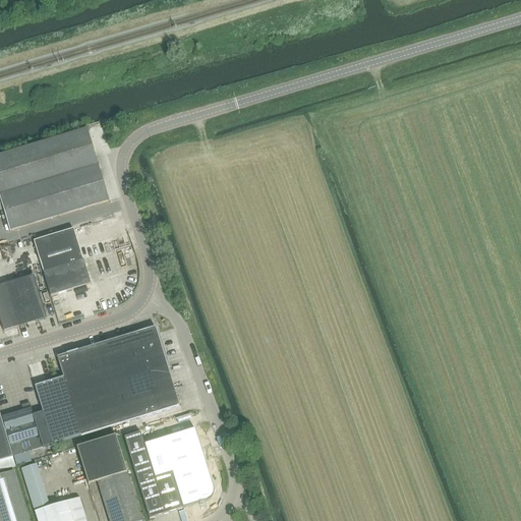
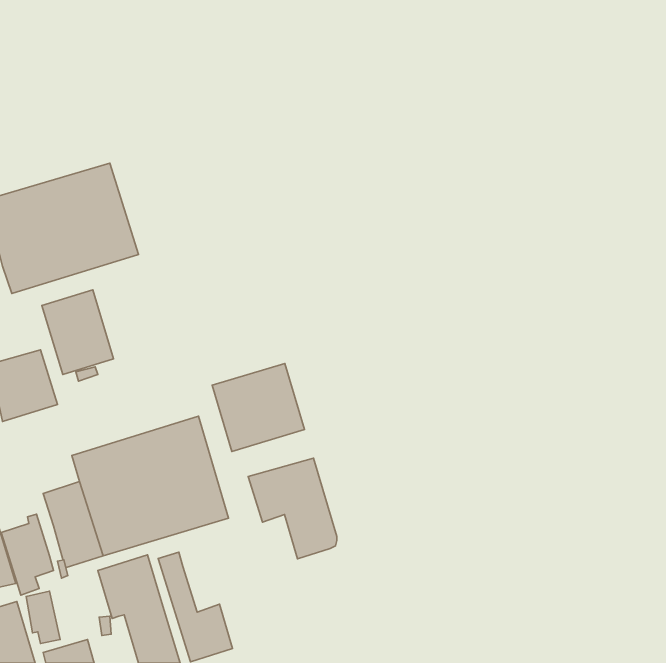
building: none -> [212,363,305,451]
building: [142,427,212,506] -> [248,458,337,559]

